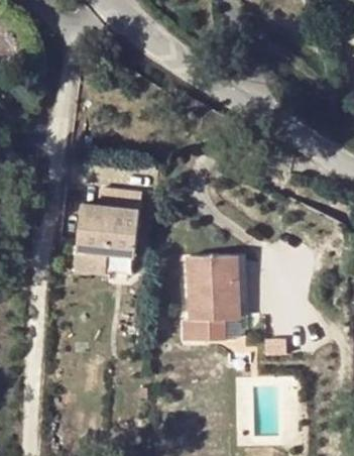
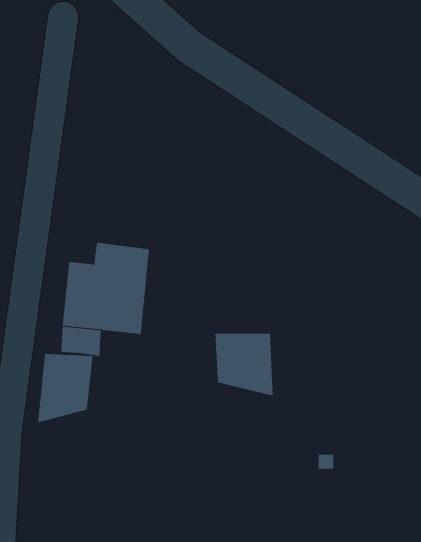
building: none -> [38,353,93,423]
building: [189,295,231,346] -> none

